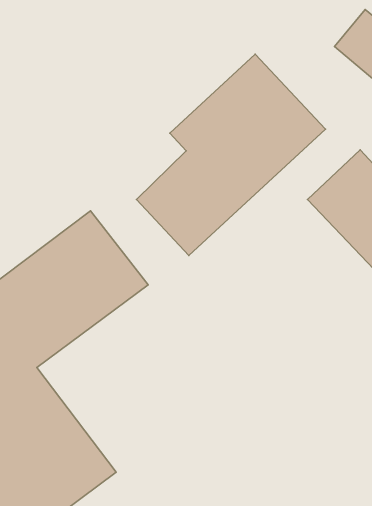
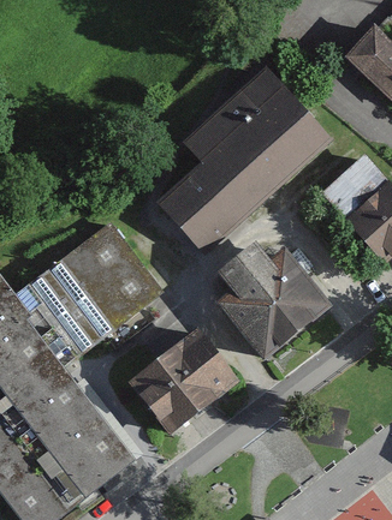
building: none -> [215,237,333,361]
building: none -> [127,328,238,435]

